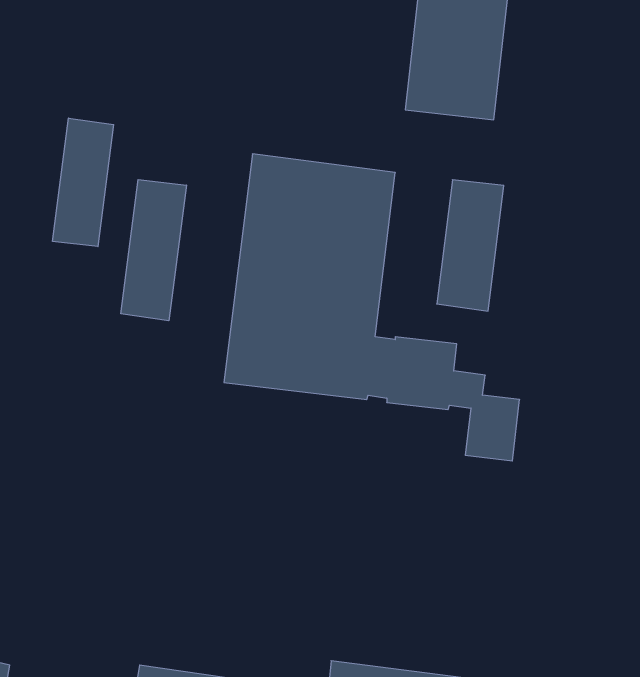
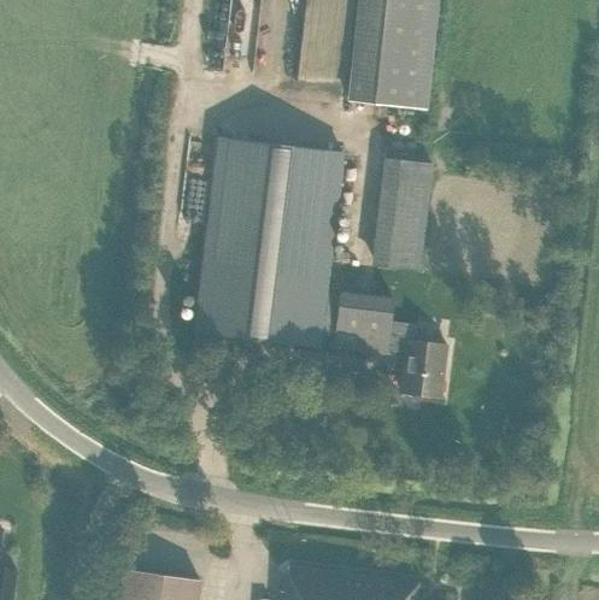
building: [53,118,114,247] -> none
building: [121,180,186,321] -> none

